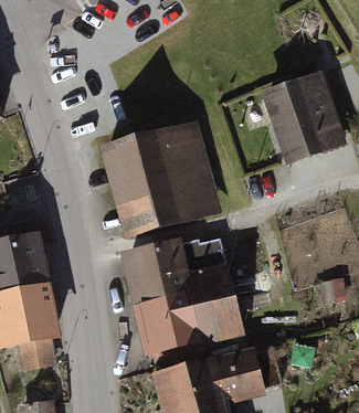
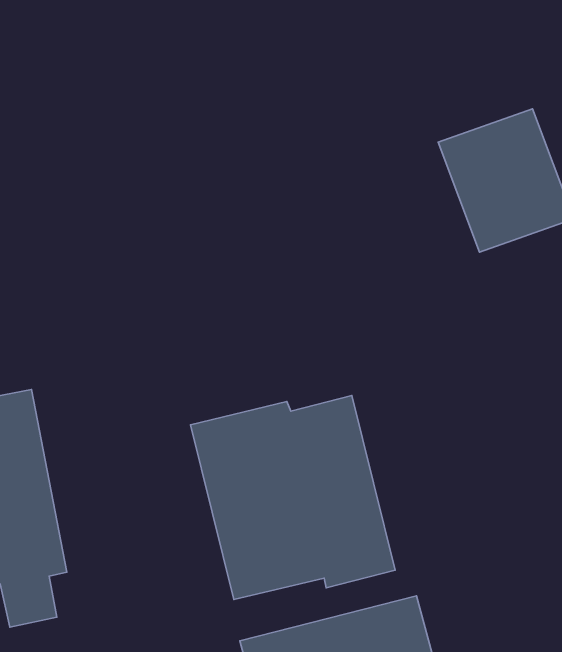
building: [105,127,210,230] -> none

